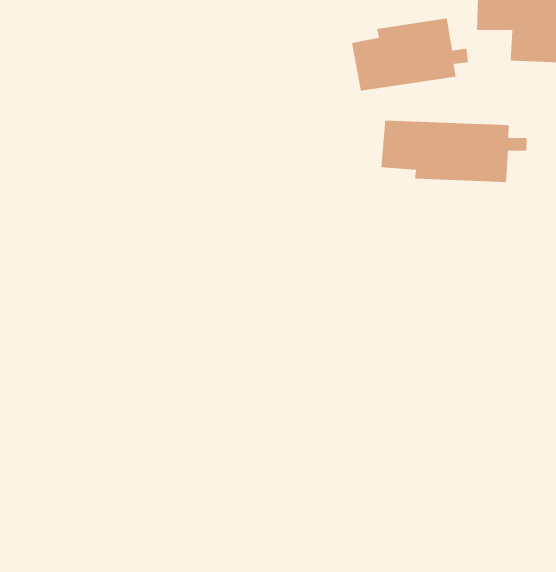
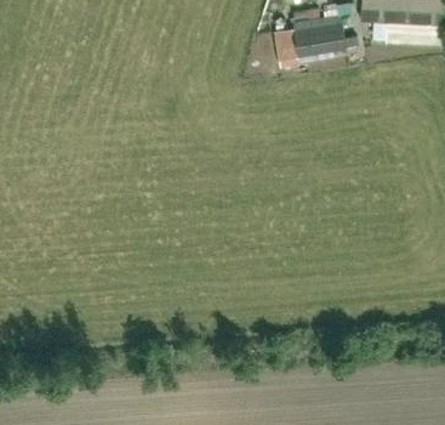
building: [381,120,527,183] -> none

